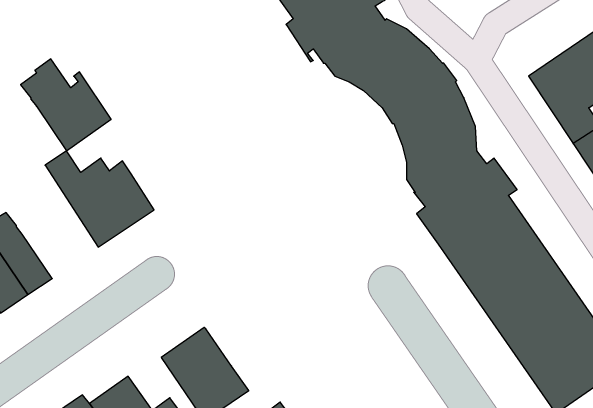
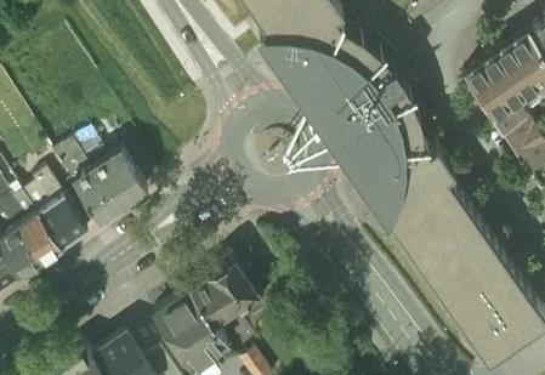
building: none -> [252,34,386,222]
building: [21,59,111,151] -> [21,171,97,249]
building: none -> [189,256,261,323]

